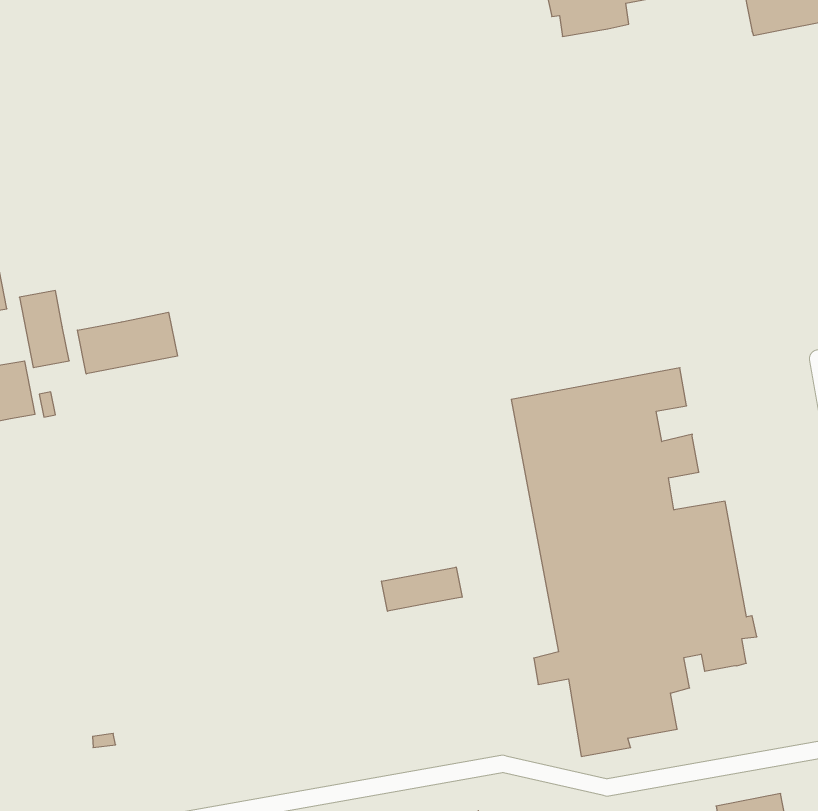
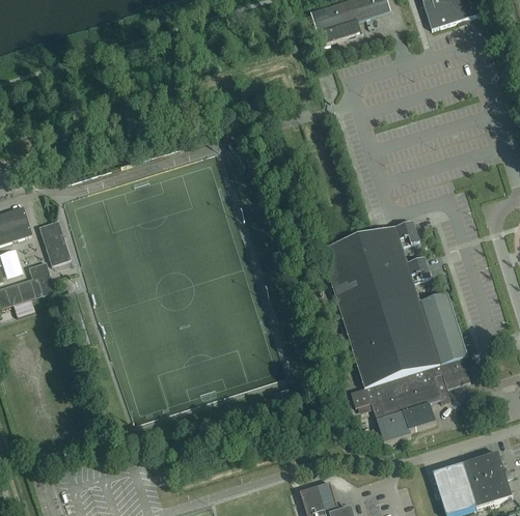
building: [77,312,177,374] -> none
building: [382,567,462,611] -> none

